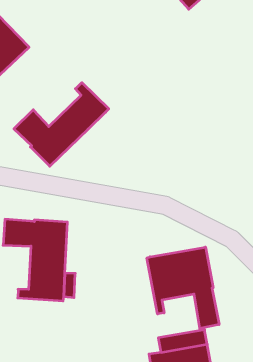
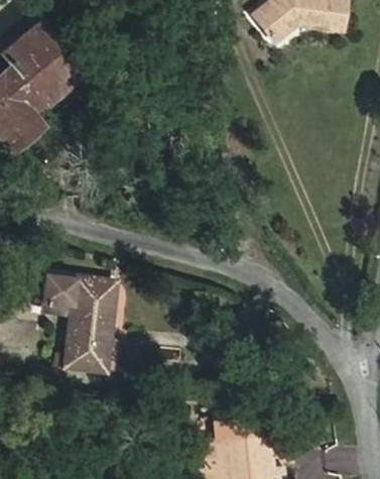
building: [14,83,109,166] -> none
building: [147,247,219,329] -> none

